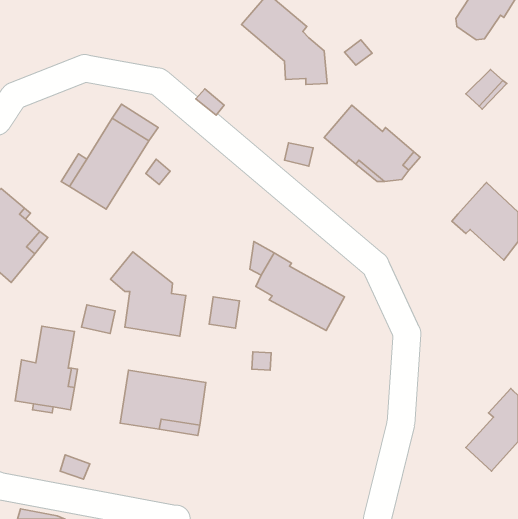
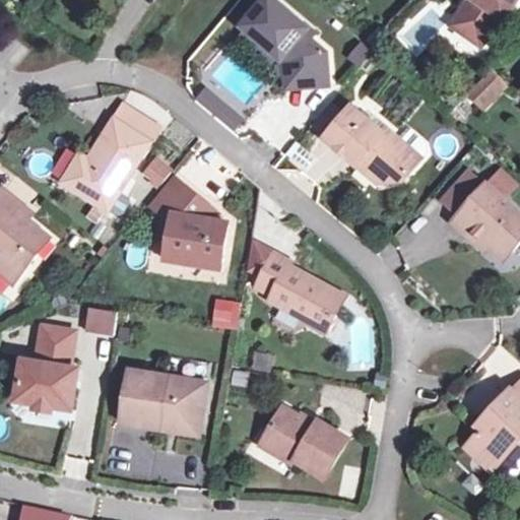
building: none -> [441,170,482,213]
building: [110,252,186,336] -> [151,178,226,262]
building: none -> [259,405,346,476]

